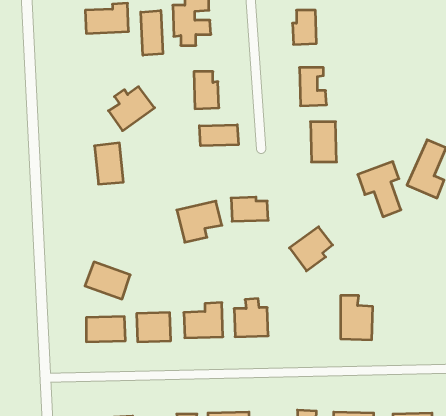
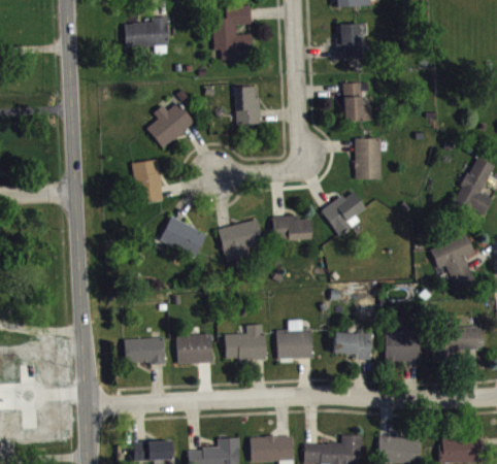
building: [141,10,163,55] -> none
building: [199,125,238,146] -> none
building: [358,162,401,217] -> [431,235,475,292]
building: [289,227,333,271] -> [322,190,366,235]
building: [85,262,130,299] -> [160,218,206,256]
building: none -> [432,328,484,361]
building: none -> [334,332,371,360]

